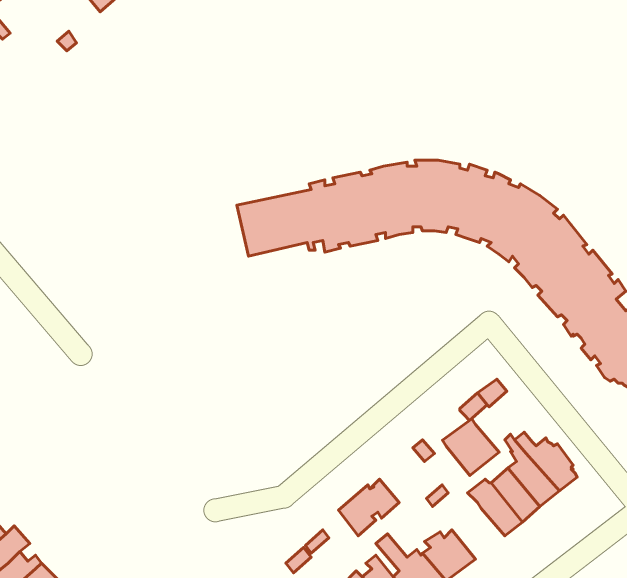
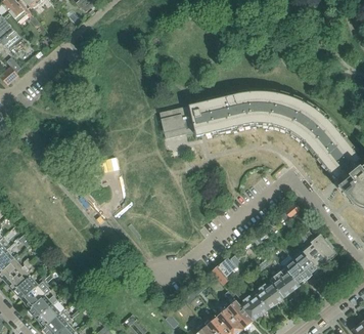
building: [442,419,499,475] -> [269,268,299,298]

